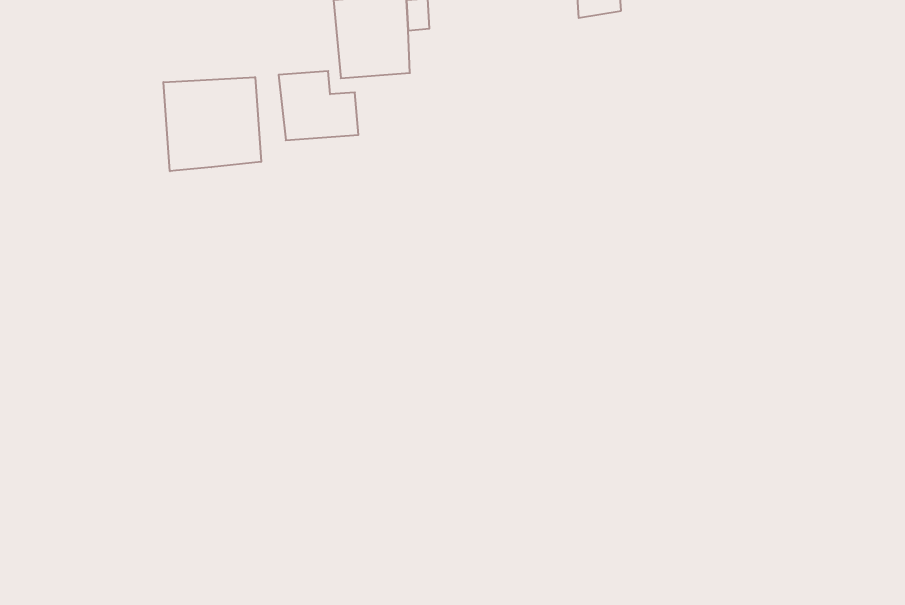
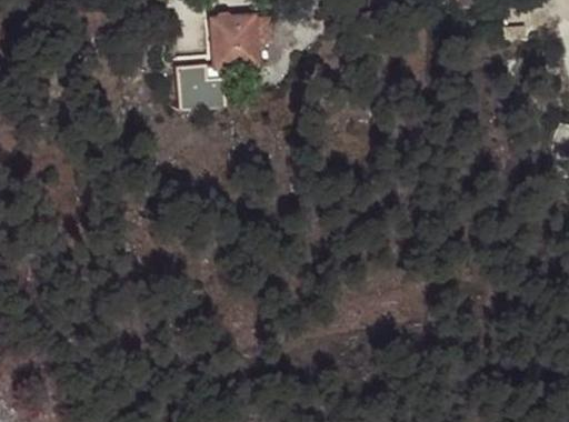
building: [163,77,261,171] -> none

